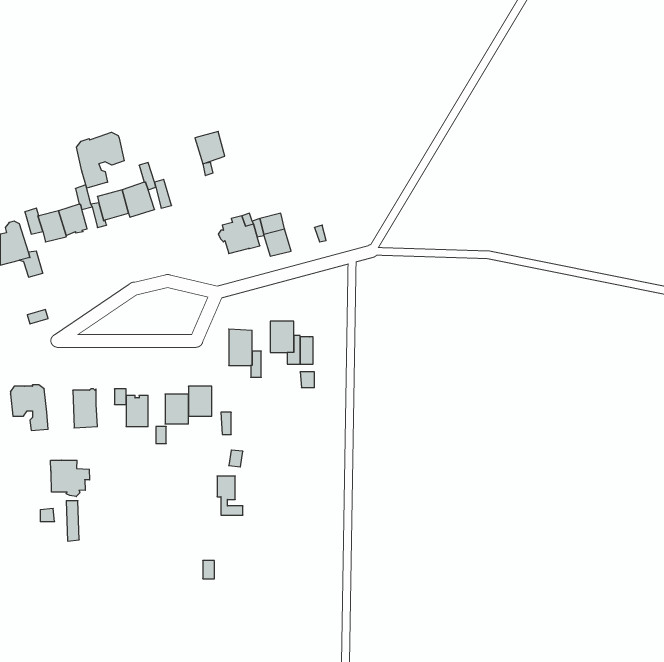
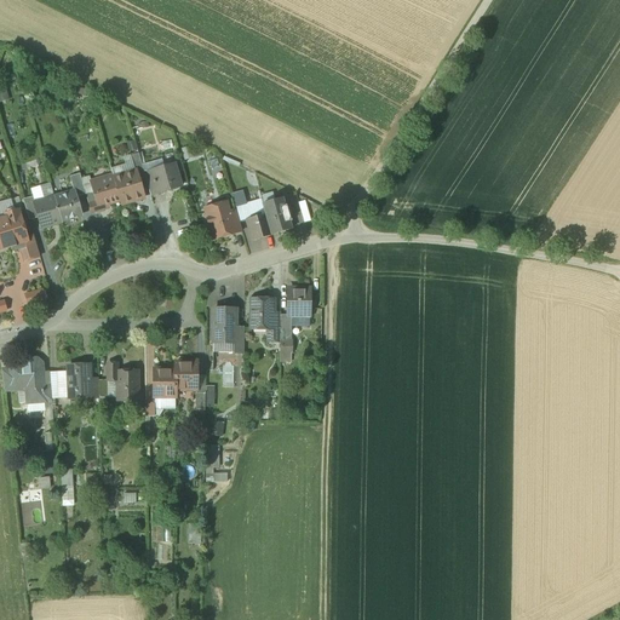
building: [195,131,225,164] -> [153,161,180,191]
building: [76,132,124,188] -> none
building: none -> [262,196,291,234]
building: none -> [288,287,310,314]
building: [51,460,90,497] -> none

